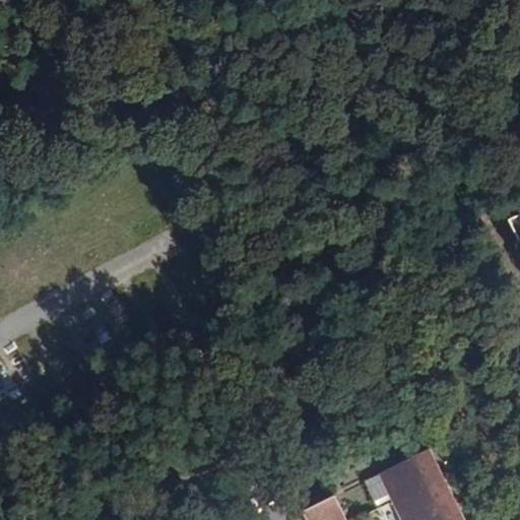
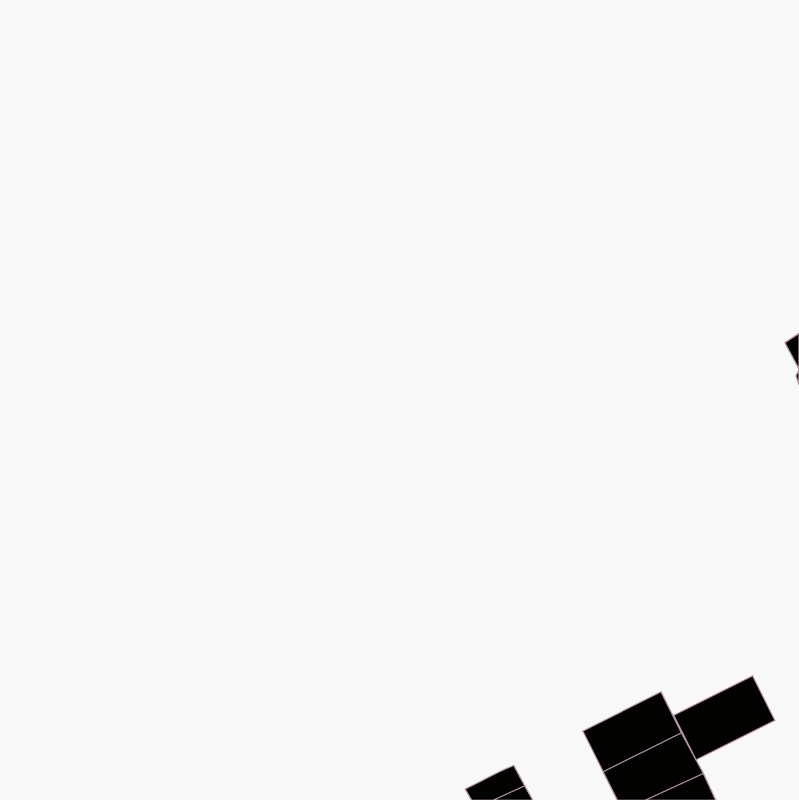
building: none -> [674,676,775,760]

